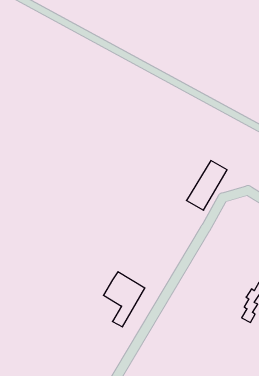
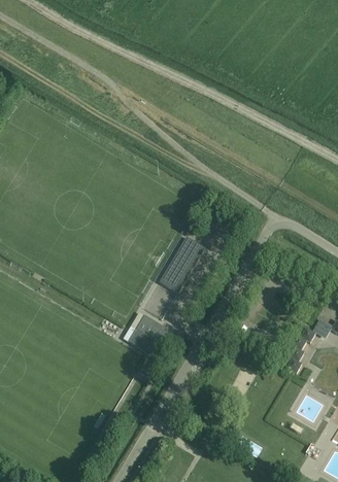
building: [186,161,227,210] -> [157,236,203,292]

